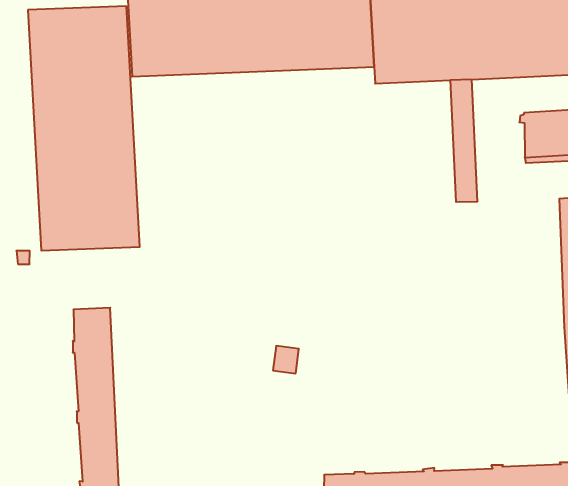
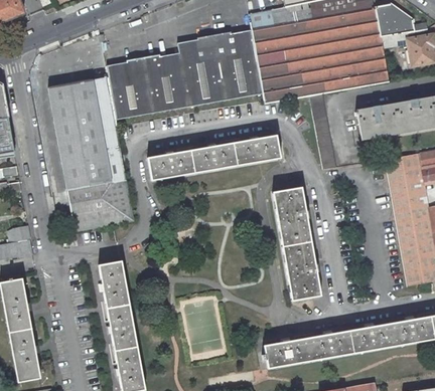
building: none -> [154,135,286,180]
building: none -> [272,187,320,301]

